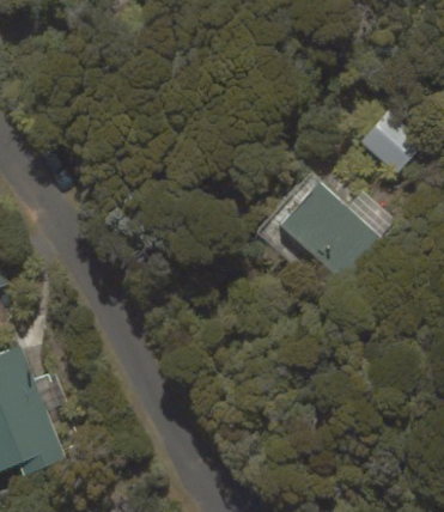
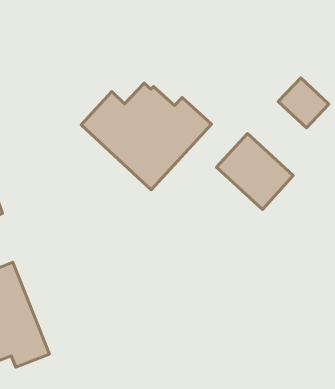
building: none -> [81,83,211,190]

